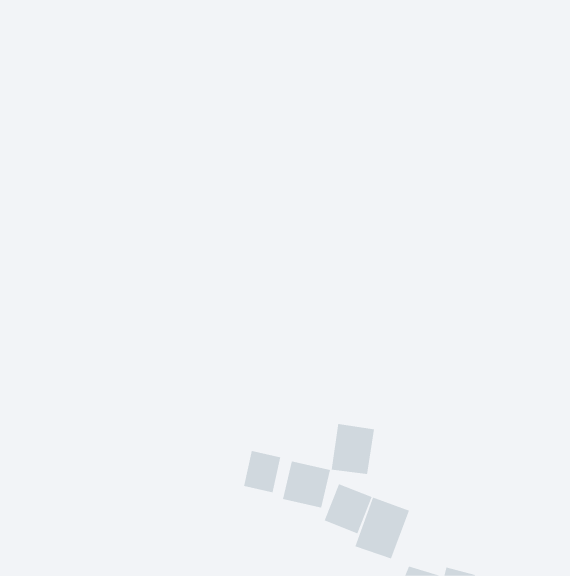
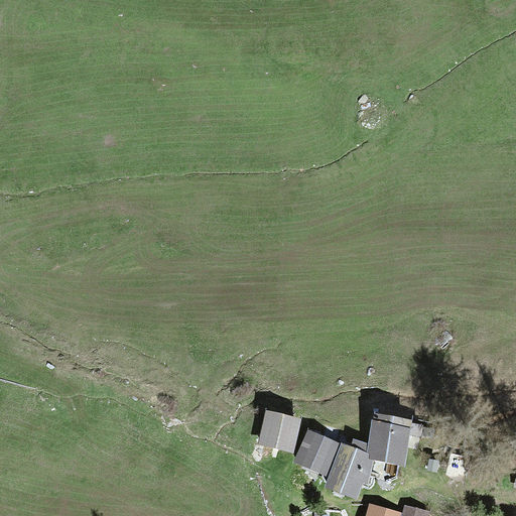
building: [331,424,375,474] -> [369,413,408,459]
building: [243,450,281,493] -> none

